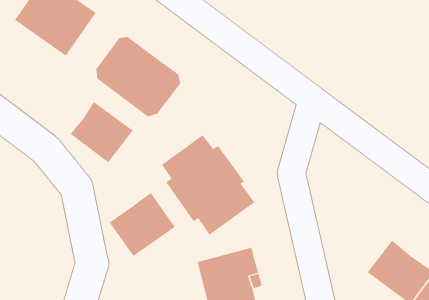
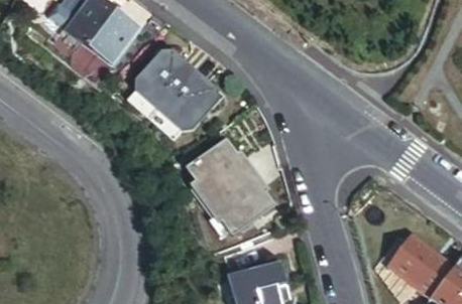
building: [70,101,133,163] -> none
building: [109,192,175,257] -> none

